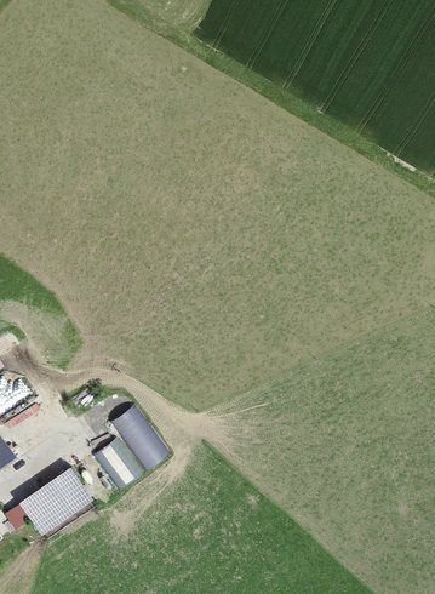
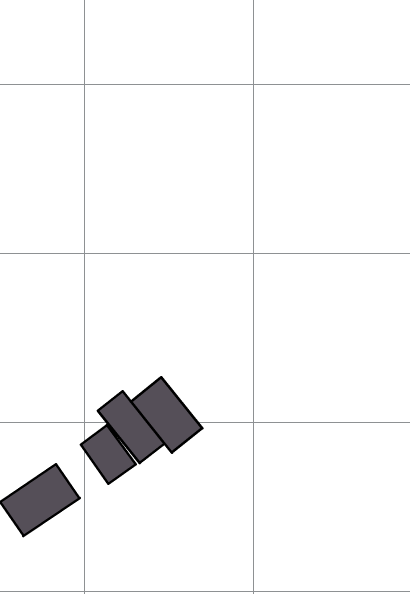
building: none -> [131,377,202,453]

